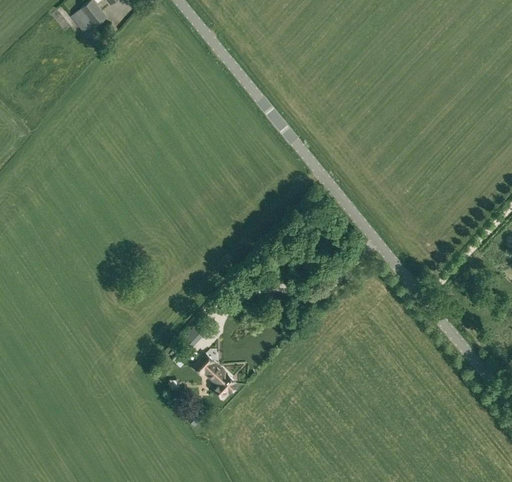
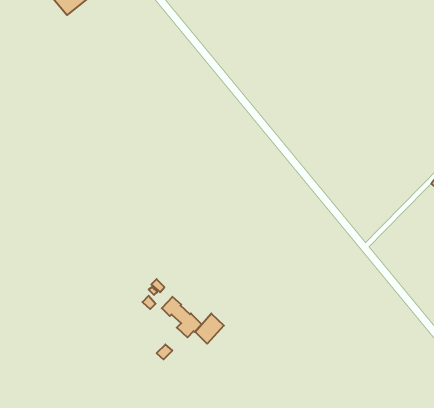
building: none -> [195,313,224,344]

